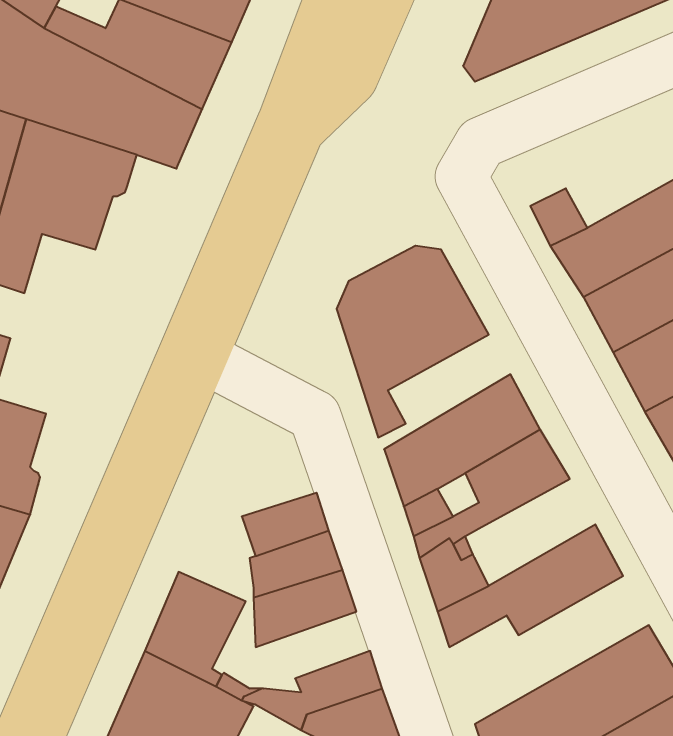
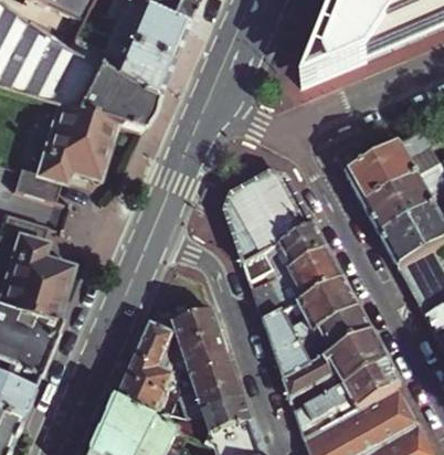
building: none -> [251,225,325,289]
building: none -> [305,306,372,366]
building: none -> [139,320,181,374]
building: none -> [295,360,402,443]
building: none -> [182,380,246,421]

